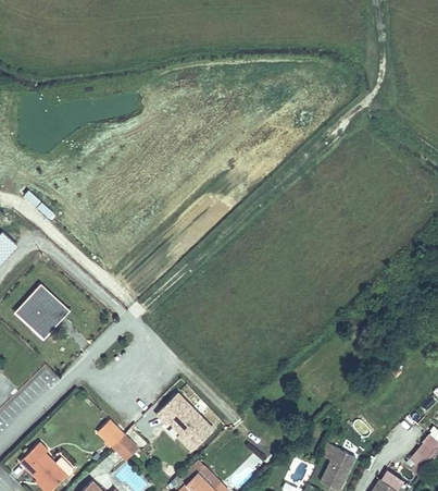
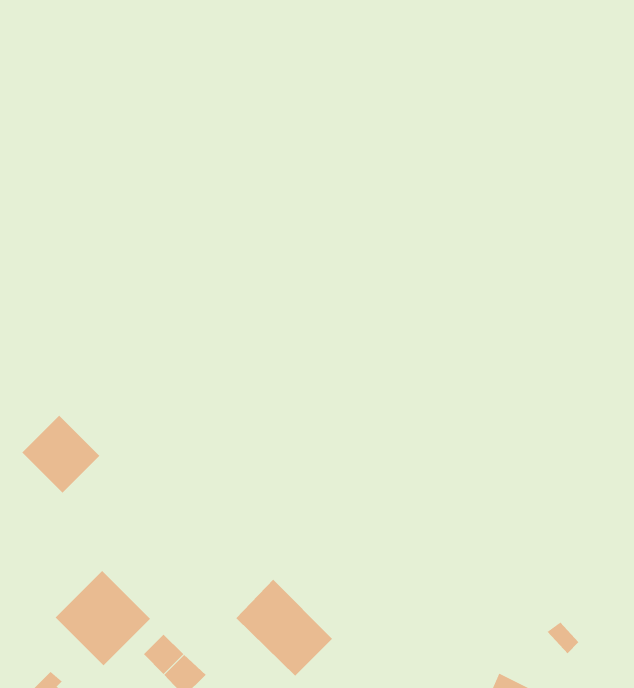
building: none -> [55,570,151,666]

